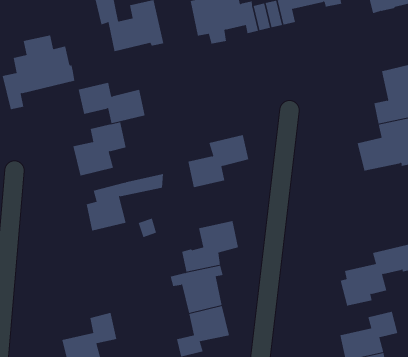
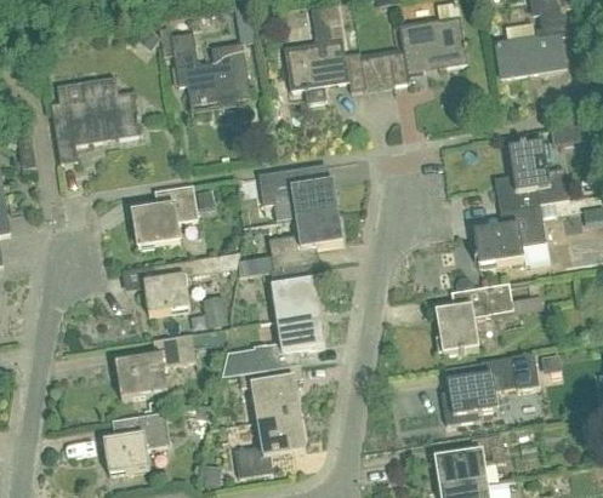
building: [78,82,146,124] -> [258,168,337,218]
building: none -> [271,263,320,319]
building: none -> [436,282,513,354]
building: none -> [115,333,195,399]
building: none -> [218,347,257,378]

